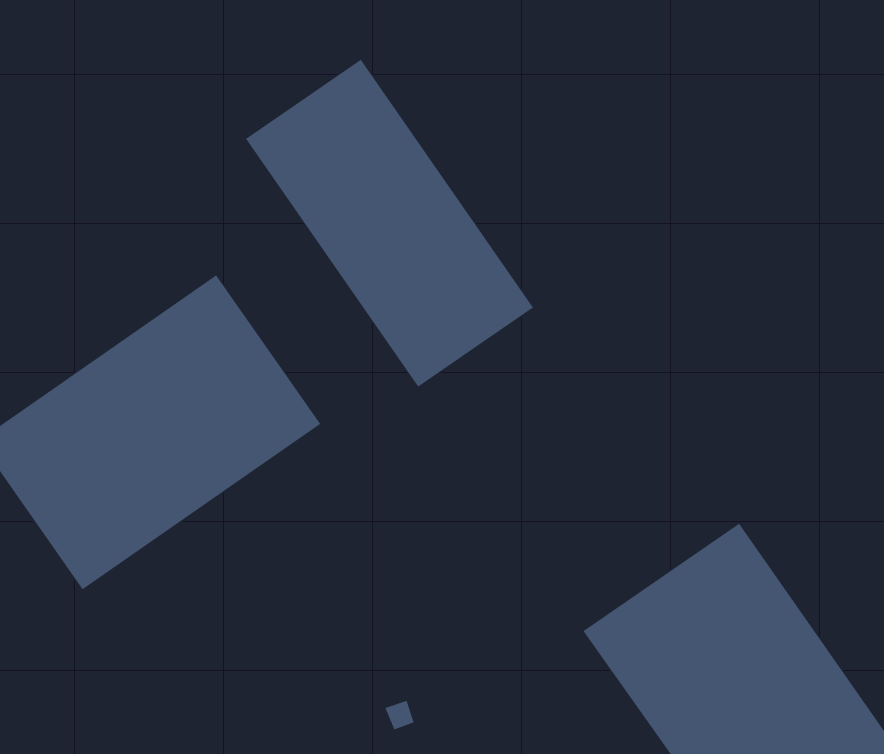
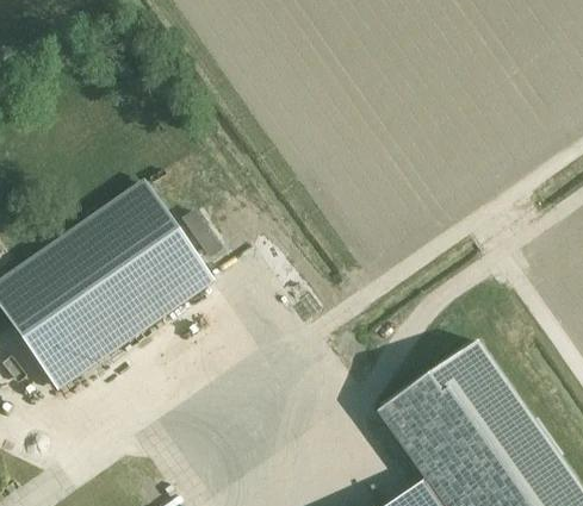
building: [245,59,534,387] -> none

